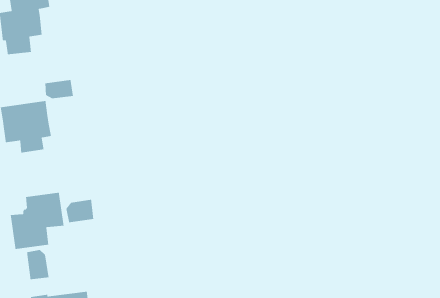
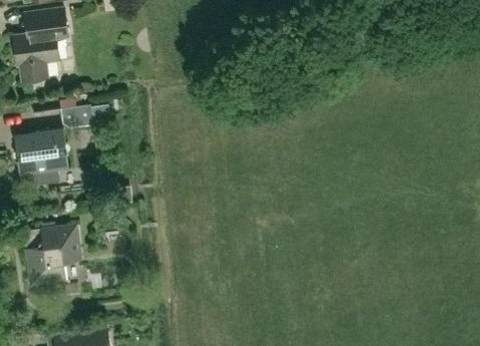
building: [66,199,94,223] -> none
building: [26,249,49,280] -> none

